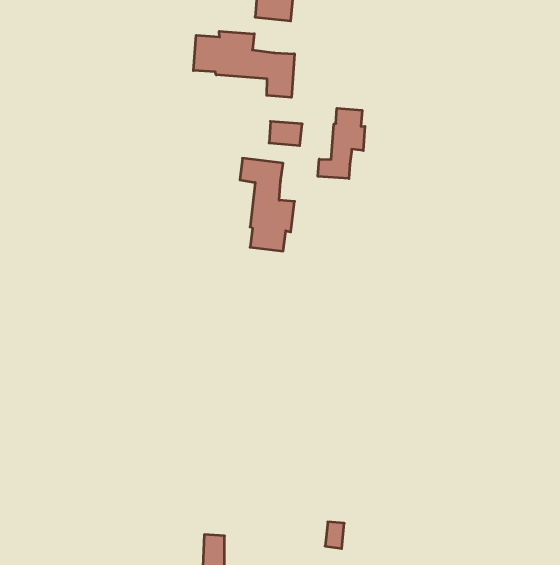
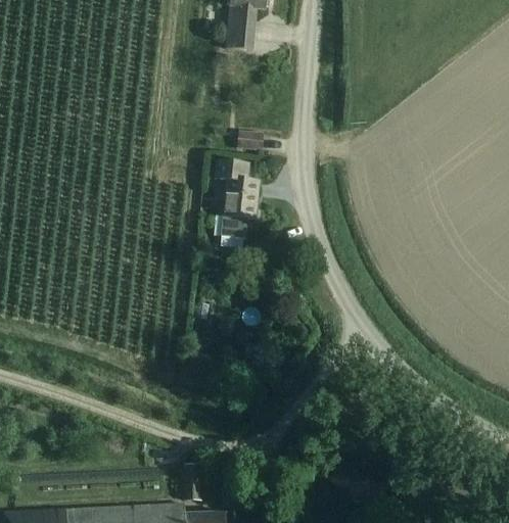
building: [193,31,294,97] -> none
building: [318,108,365,179] -> none

